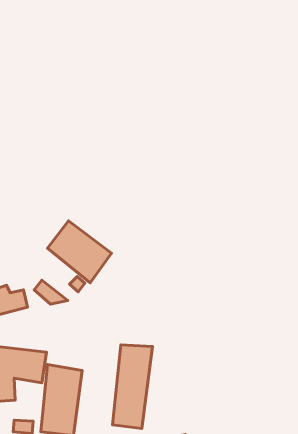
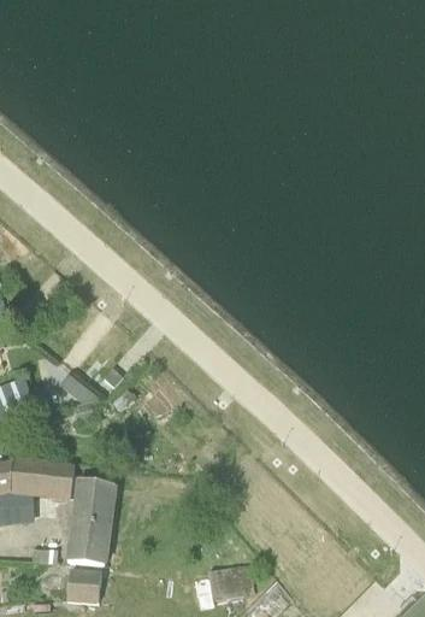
building: [48,221,112,283] -> none
building: [112,345,153,428] -> none

